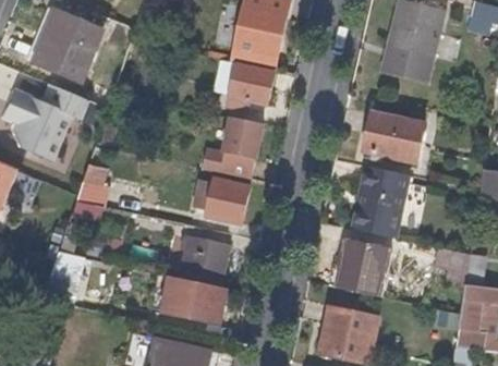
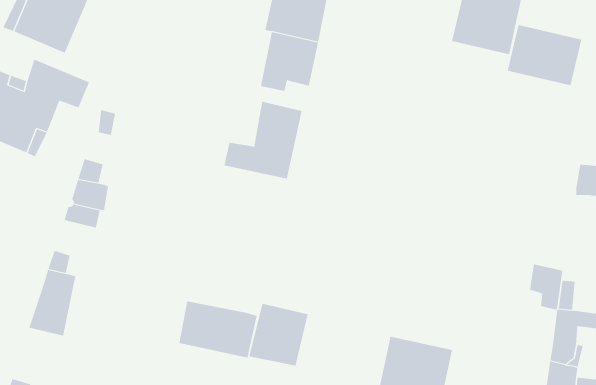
building: [363,111,423,160] -> [507,24,582,86]
building: [353,163,411,236] -> none
building: [192,174,250,224] -> none
building: [180,236,228,286] -> [248,303,308,366]
building: [338,240,390,294] -> none

